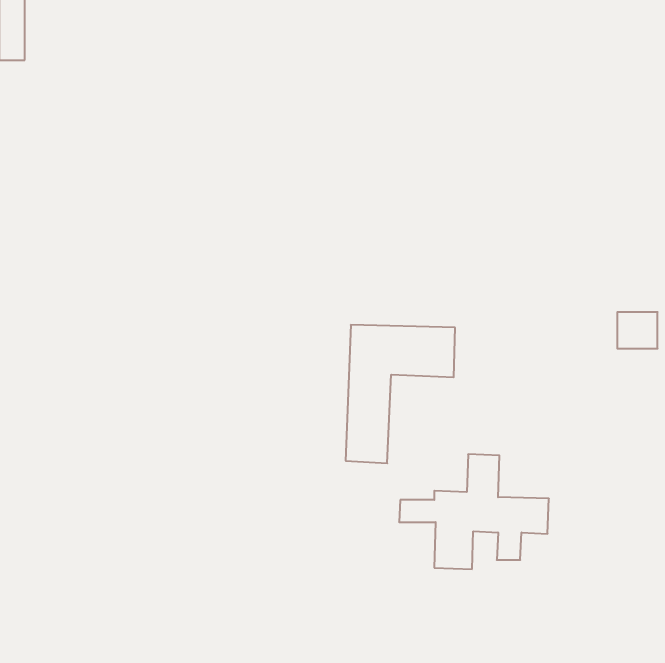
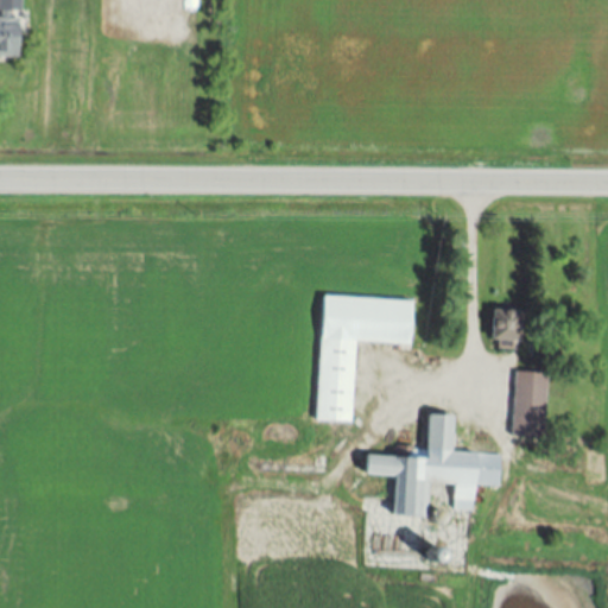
building: [617,312,658,349] -> [495,308,532,341]
building: none -> [514,381,546,436]

